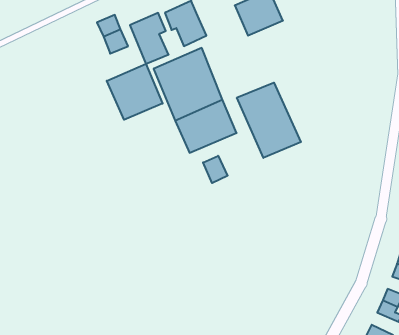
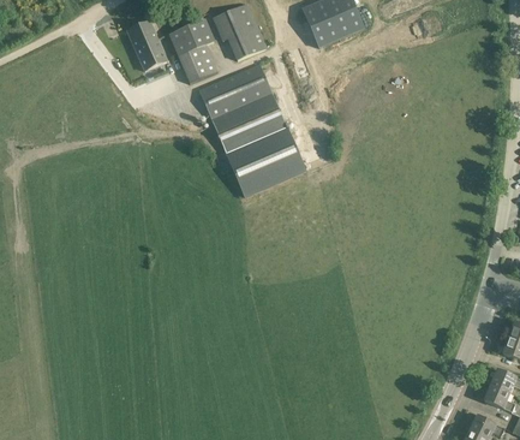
building: [107,64,163,120] -> none
building: [237,83,301,158] -> none
building: [203,156,228,183] -> none

